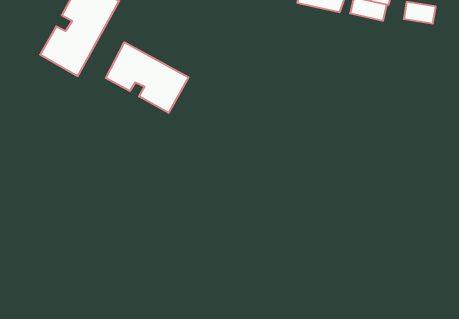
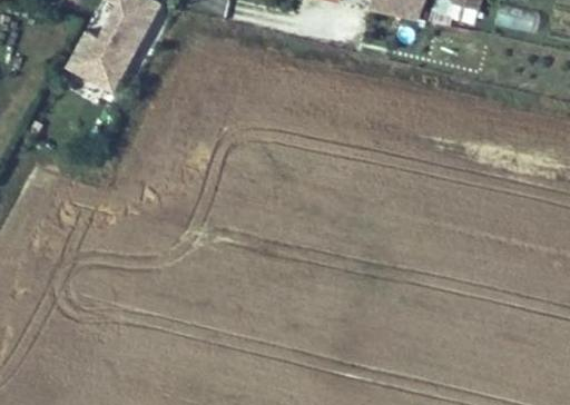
building: [106,42,189,113] -> none

